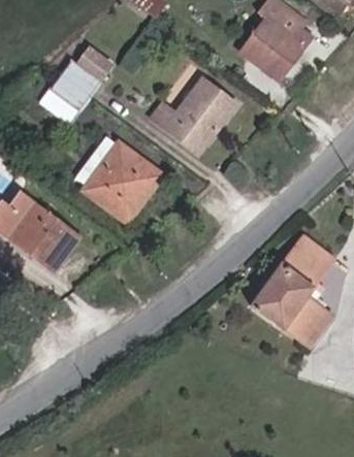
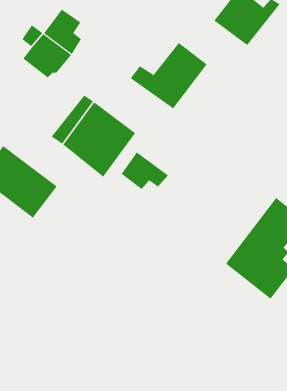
building: none -> [121,152,169,190]

